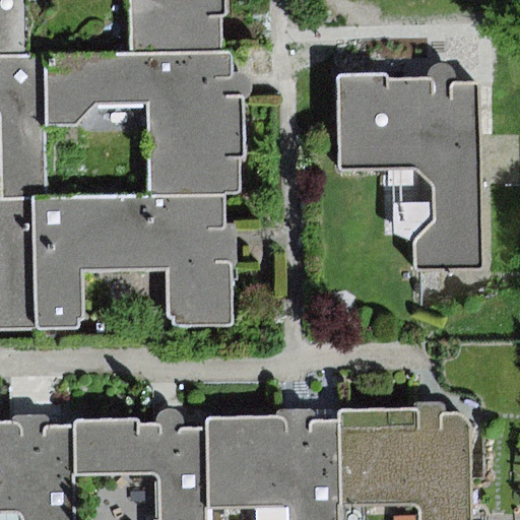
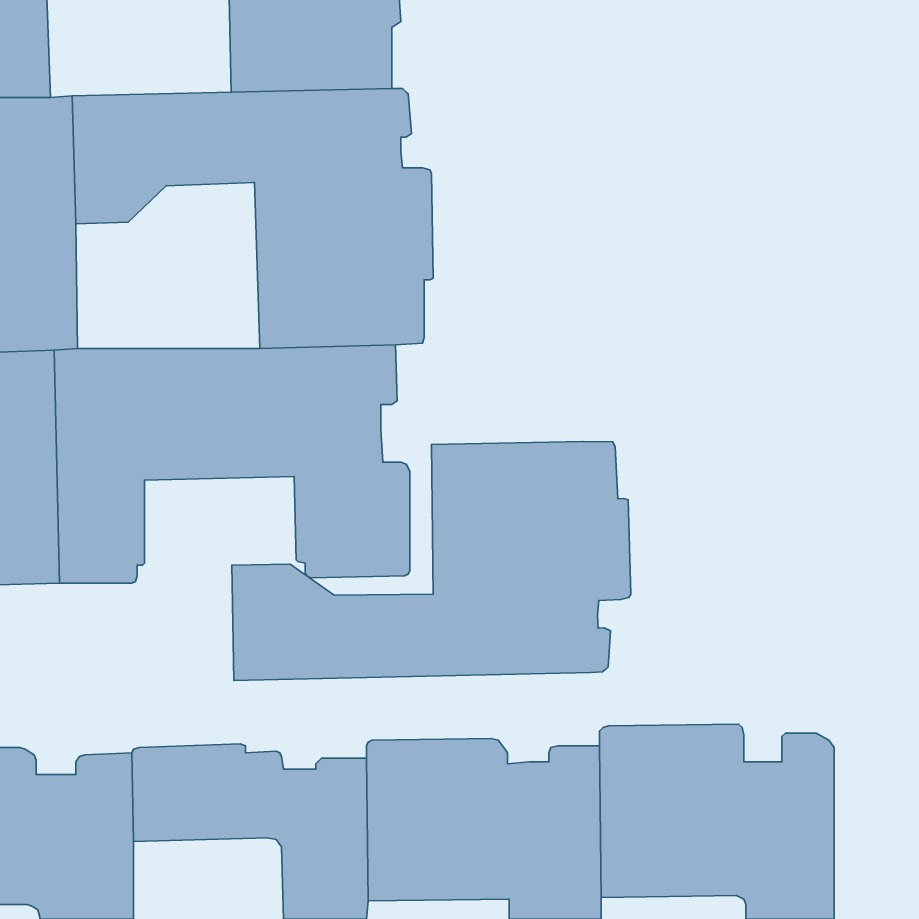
building: [335,73,481,269] -> none
building: none -> [232,442,631,681]

